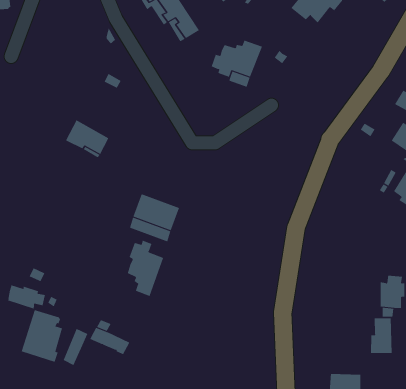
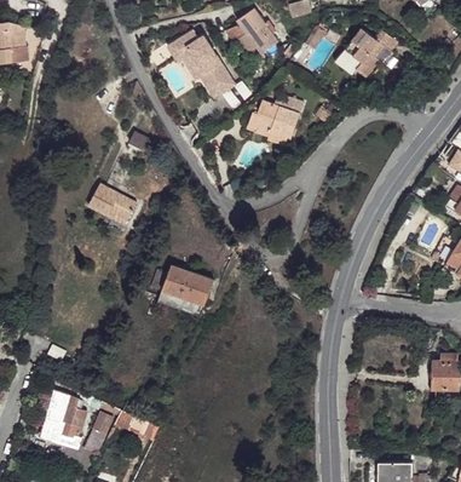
building: [127,240,164,297] -> none
building: [7,285,45,309] -> none
building: [371,318,392,354] -> none

